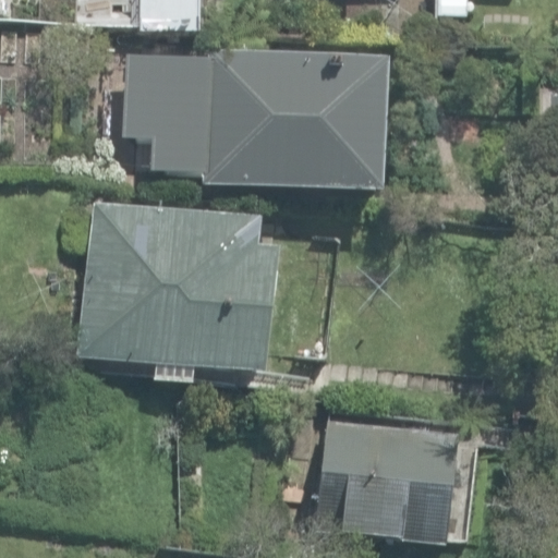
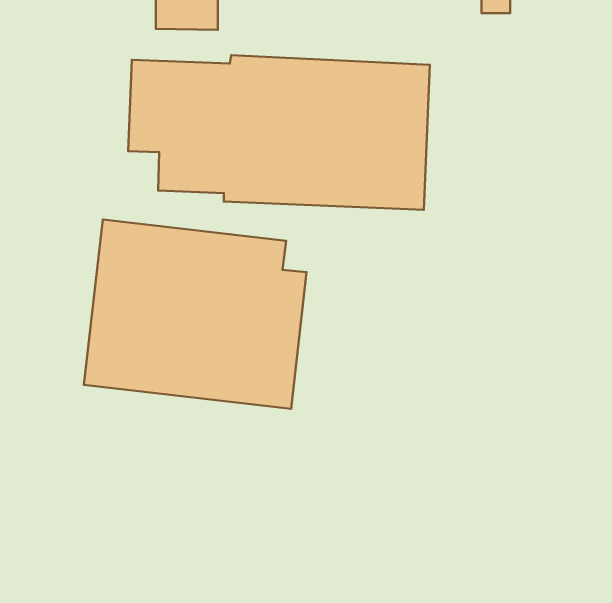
building: [315,415,458,539] -> none

